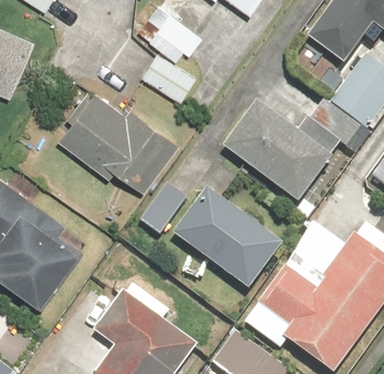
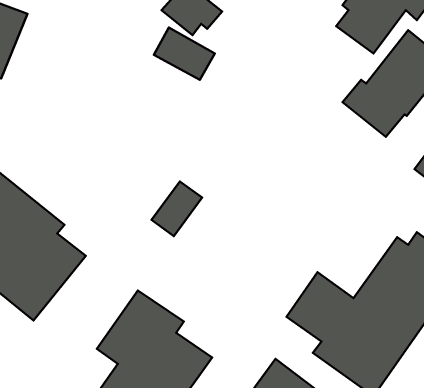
building: [62,96,178,196] -> none
building: [222,101,333,205] -> none
building: [174,189,283,291] -> none

